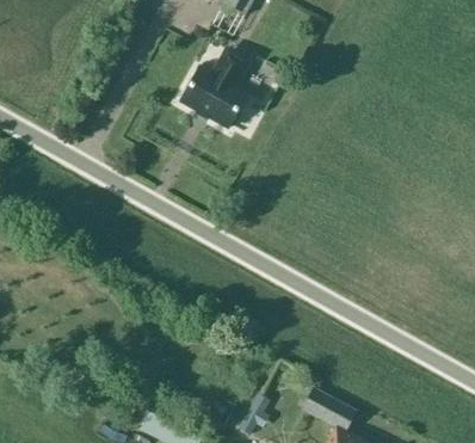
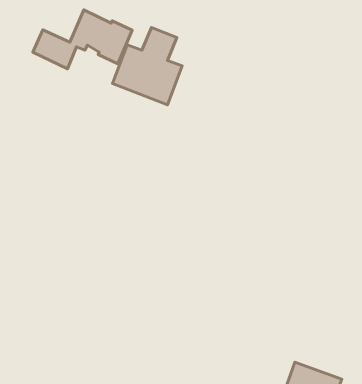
building: none -> [33,10,132,69]

